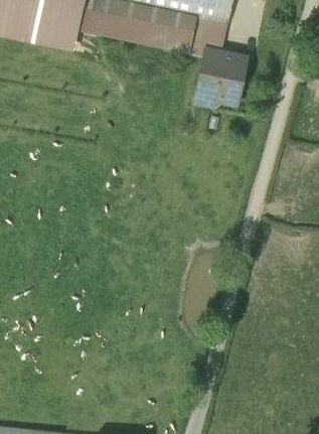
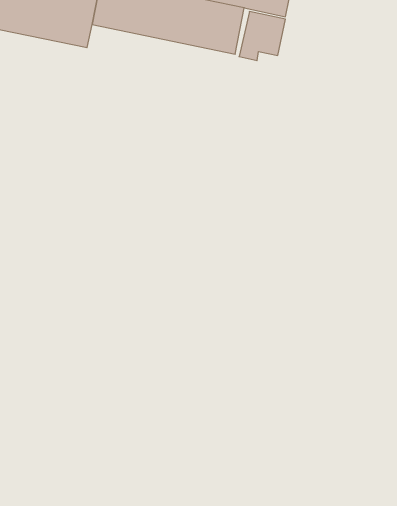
building: [197,50,247,104] -> none

